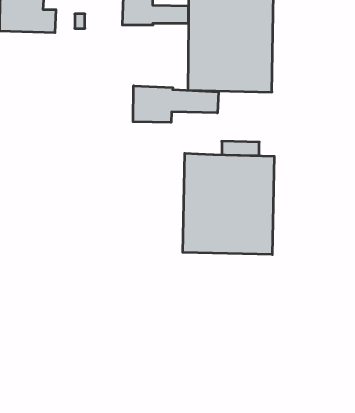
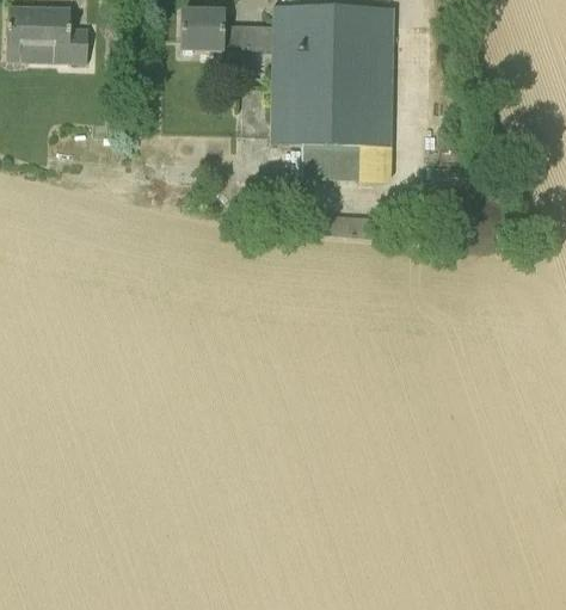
building: [133,86,218,122] -> none
building: [183,153,274,255] -> none

